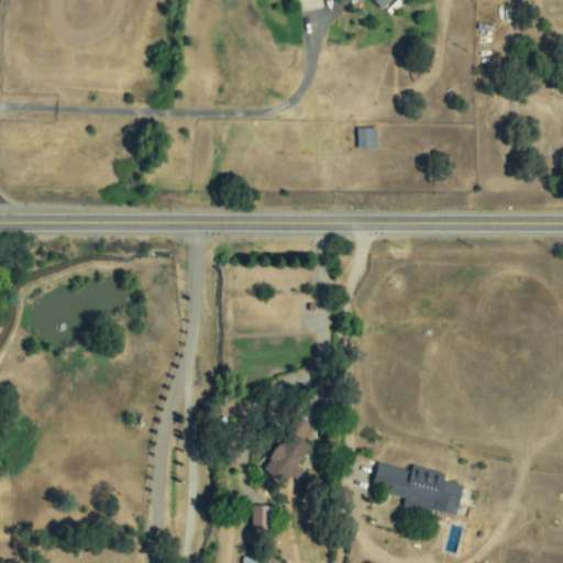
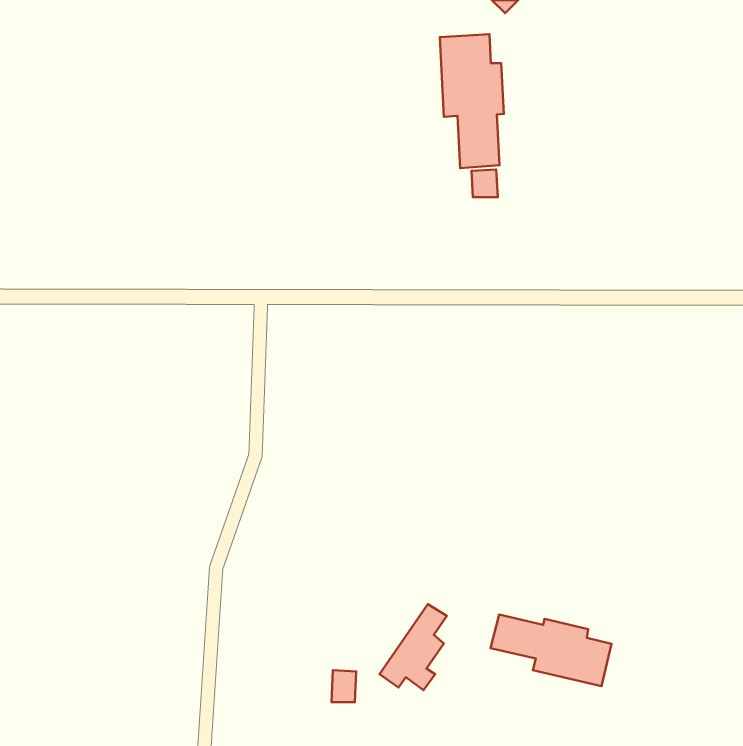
building: none -> [440,34,504,168]
building: [263,417,313,482] -> [380,604,447,690]

